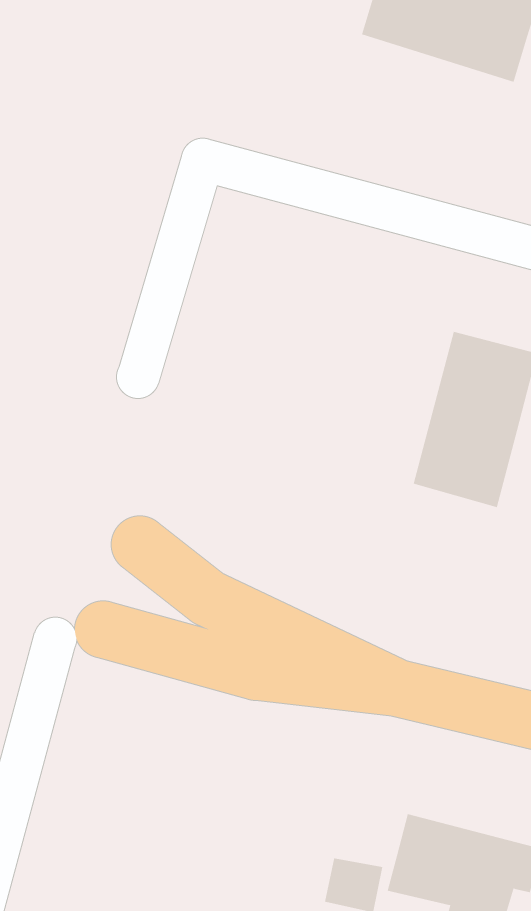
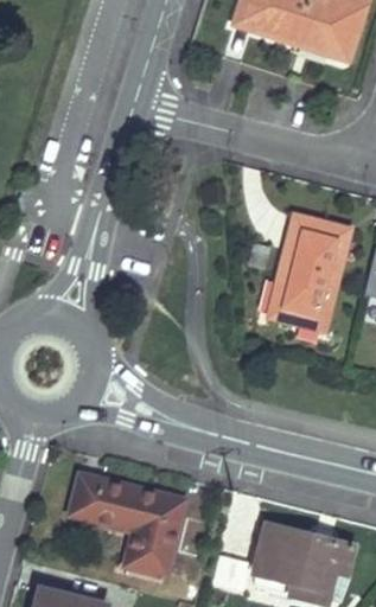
building: none -> [70,477,180,574]

